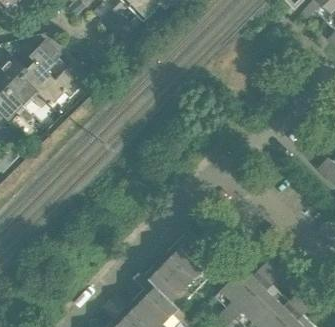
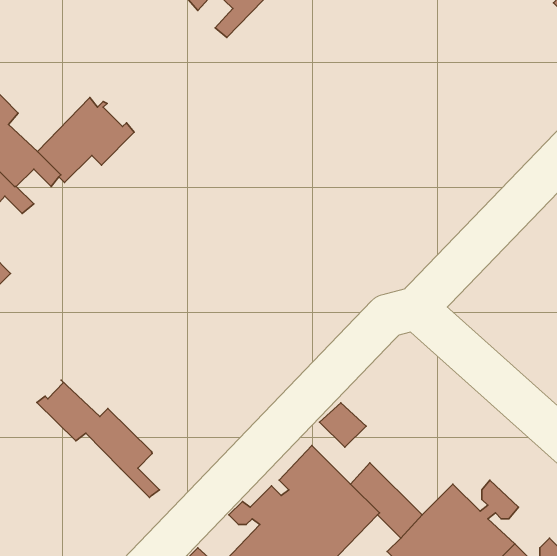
building: [18,40,60,90] -> none
building: none -> [37,380,160,497]

